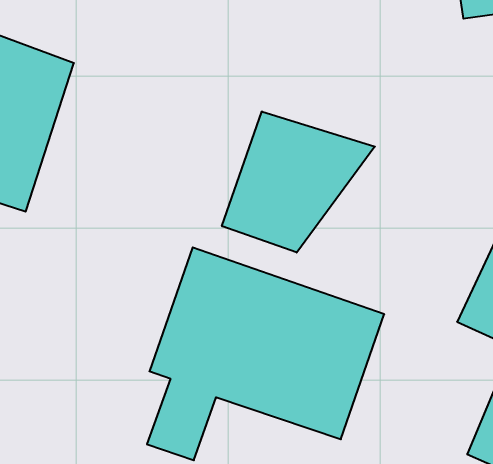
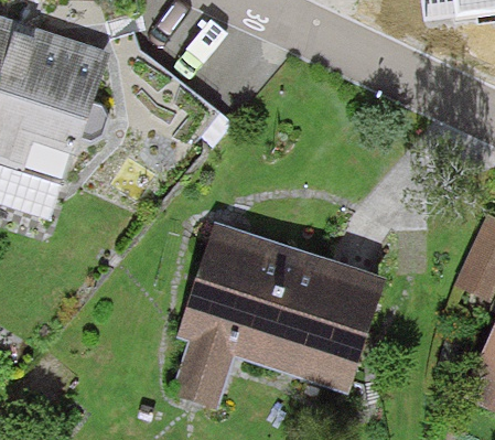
building: [222,111,375,253] -> none

